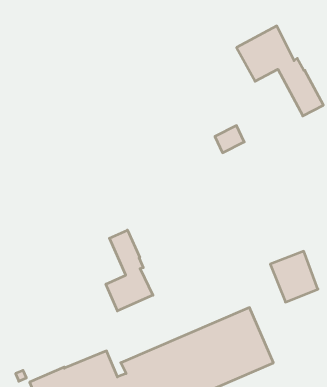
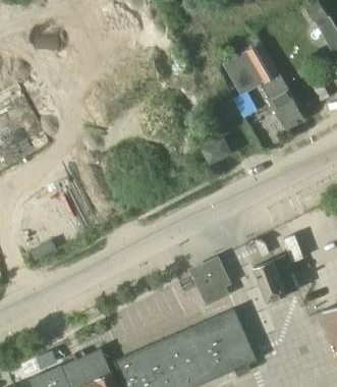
building: [106,230,153,311] -> none
building: none -> [195,262,226,302]

